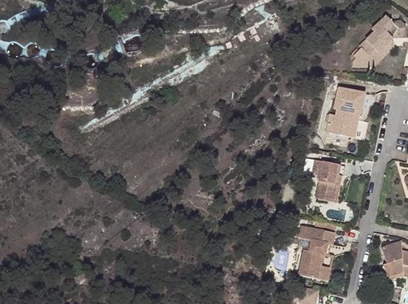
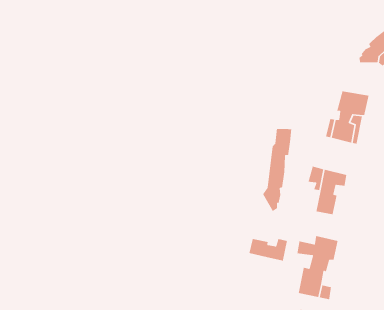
building: none -> [262,128,292,212]
building: none -> [248,238,288,262]

